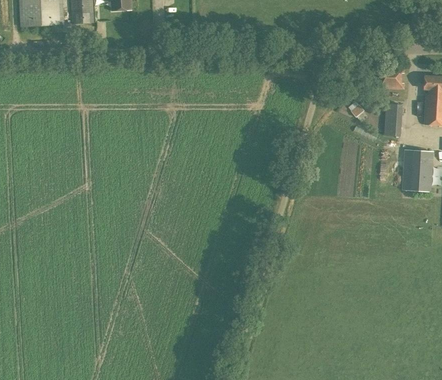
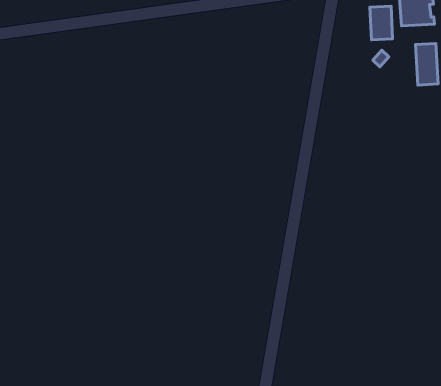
building: none -> [370,6,393,40]

